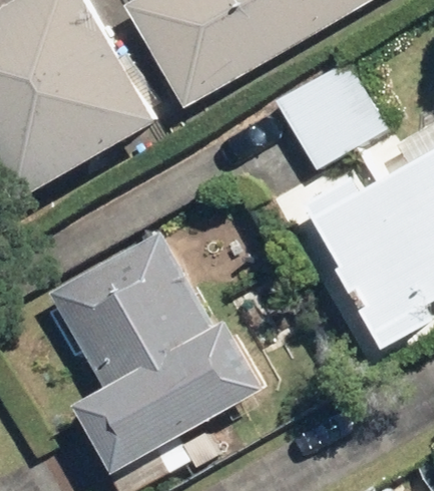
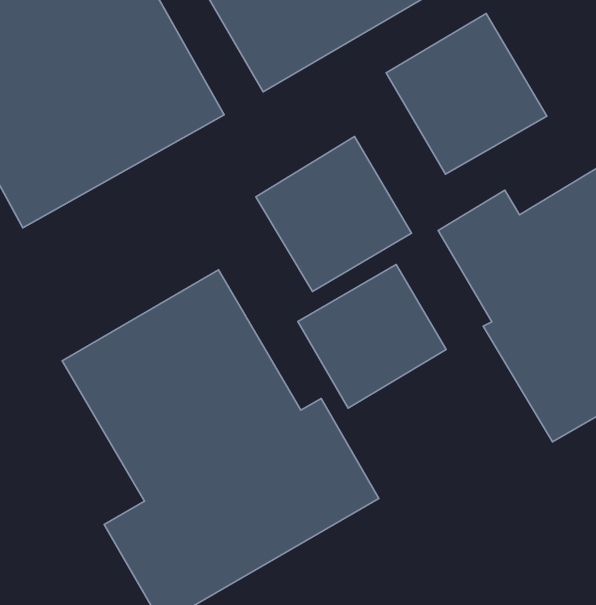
building: none -> [256,137,412,292]
building: none -> [298,264,446,408]

